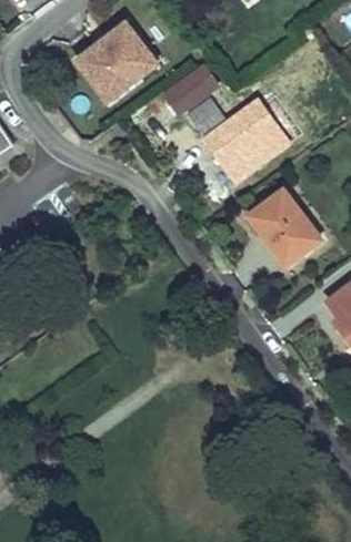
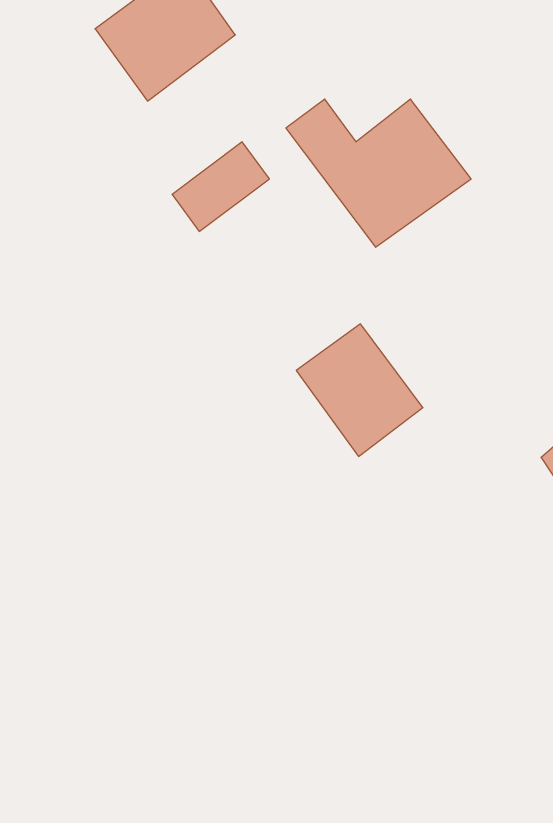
building: [161,65,217,116] -> [172,142,269,231]
building: [245,188,318,264] -> [296,324,423,456]

